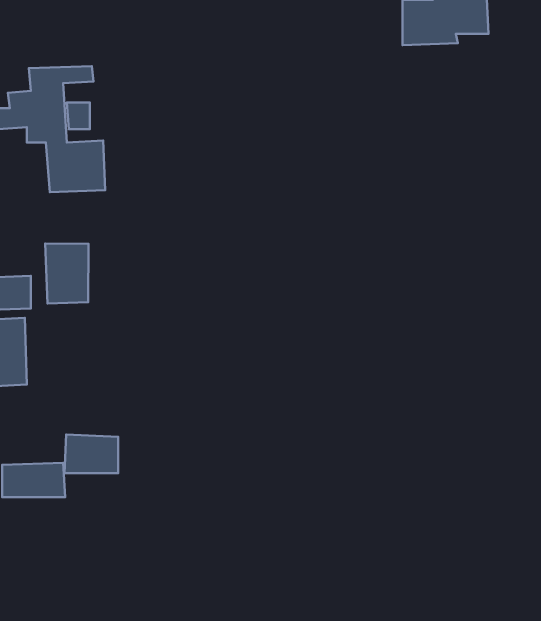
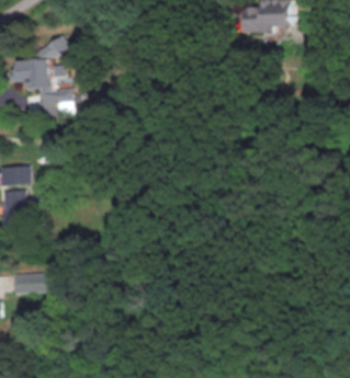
building: [45,243,88,304] -> none
building: [65,435,118,473] -> none

